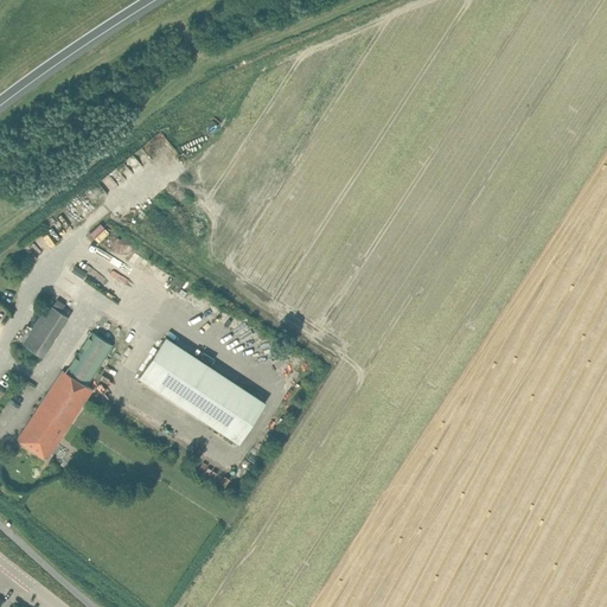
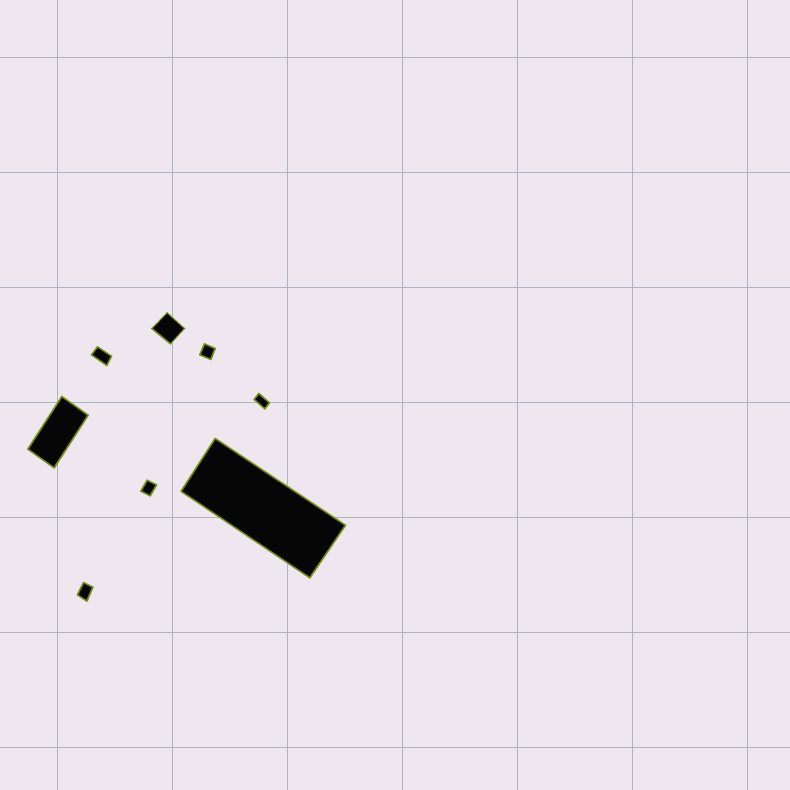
building: [17,333,113,460] -> none

